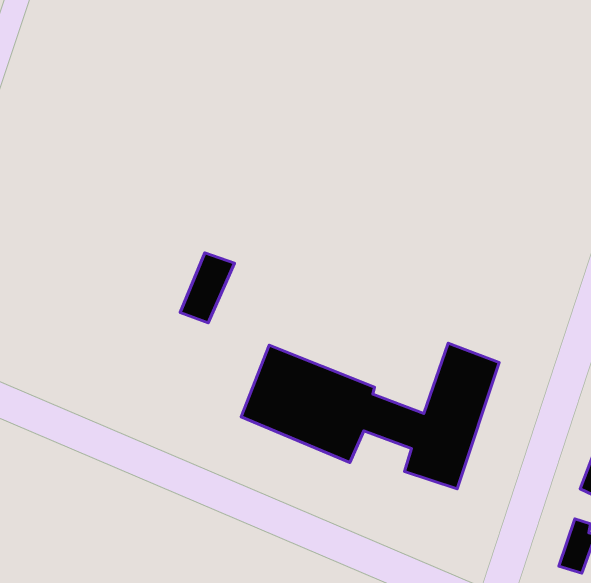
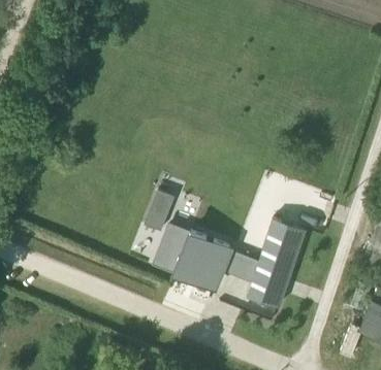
building: [180,253,235,323] -> [142,191,174,232]

